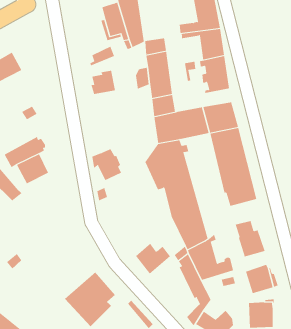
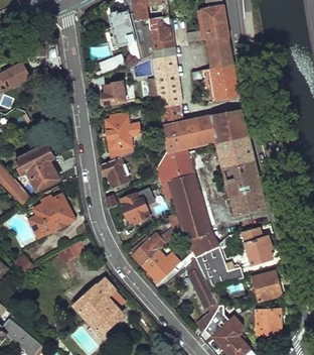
building: none -> [149,17,173,49]
building: none -> [106,113,140,160]
building: none -> [120,188,156,222]
building: none -> [28,196,74,238]
building: none -> [133,230,164,263]

